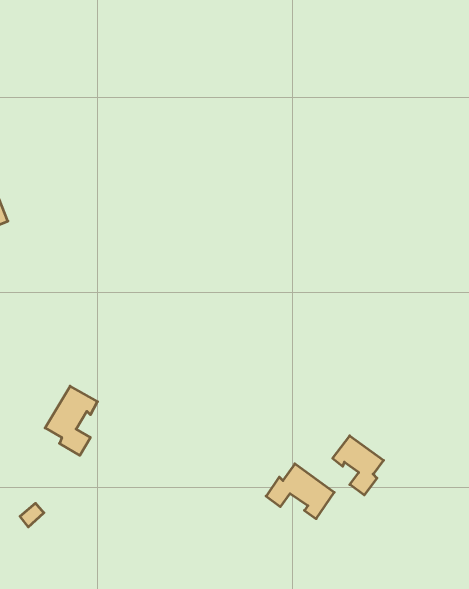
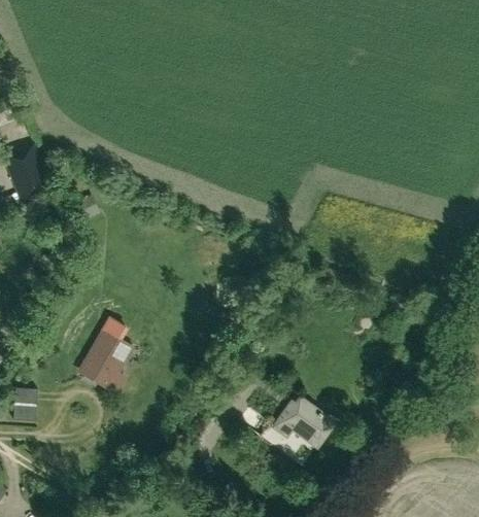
building: [333,436,384,495] -> none

